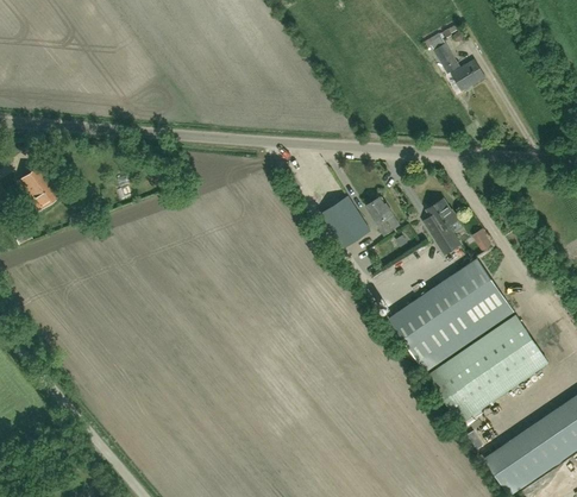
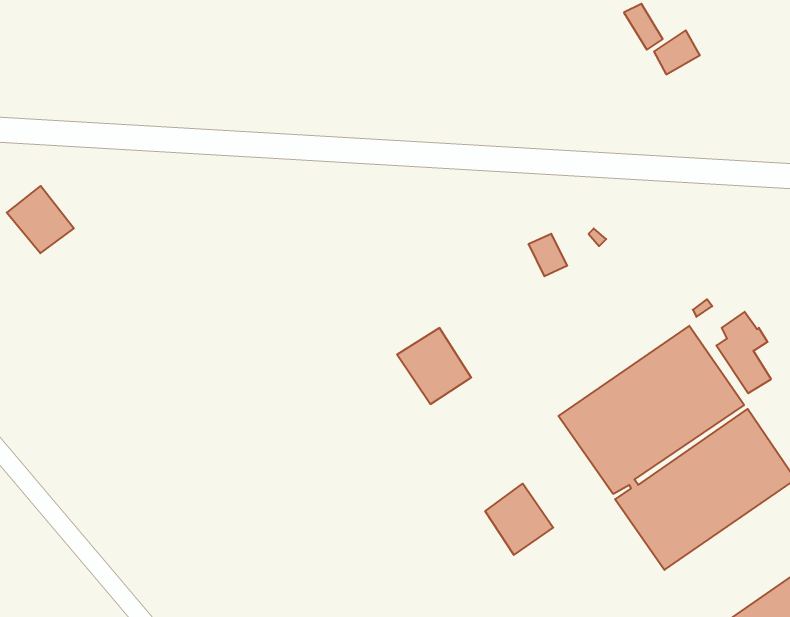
building: [320,196,370,247] -> [397,328,471,404]
building: [424,199,460,253] -> [716,312,771,393]
building: none -> [485,484,553,555]

